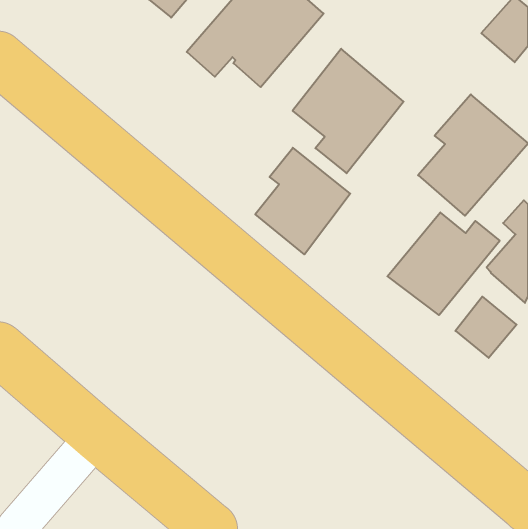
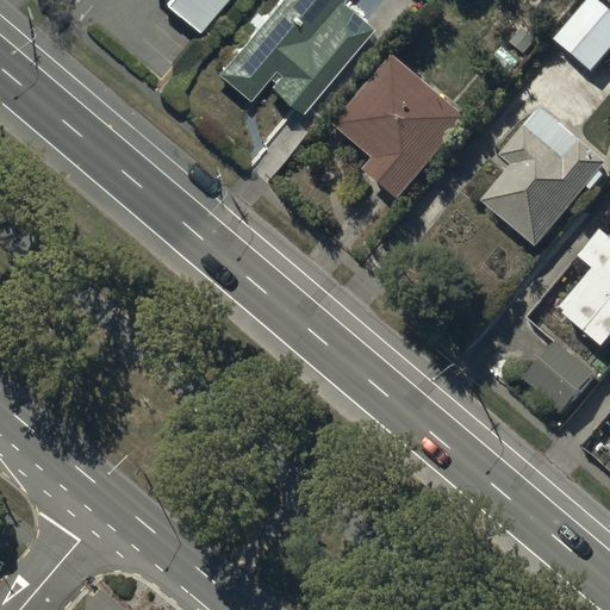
building: [255,148,350,254] -> none
building: [387,212,500,315] -> none

